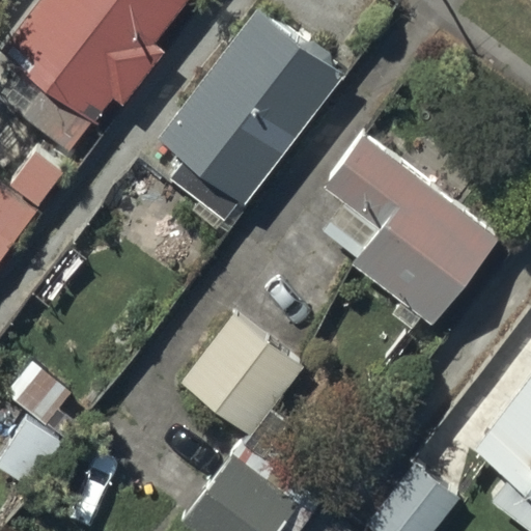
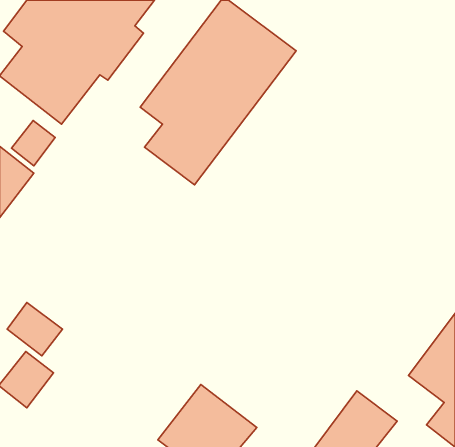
building: [323,133,500,324] -> none
building: [181,314,304,437] -> none

